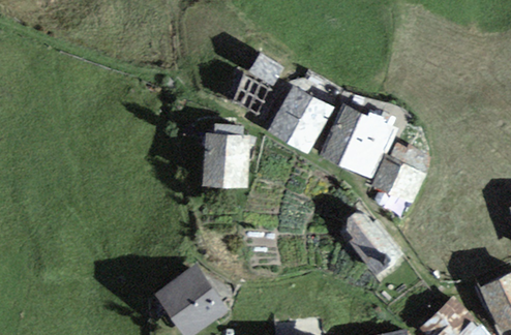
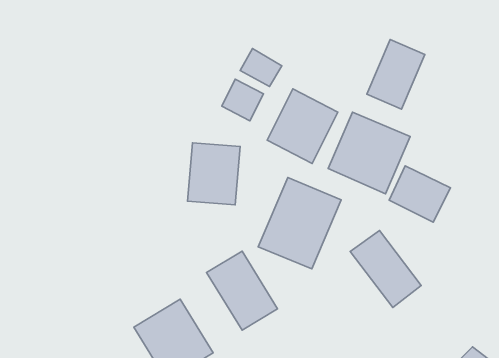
building: none -> [367,39,425,109]
building: none -> [258,178,341,269]
building: none -> [207,251,277,330]

